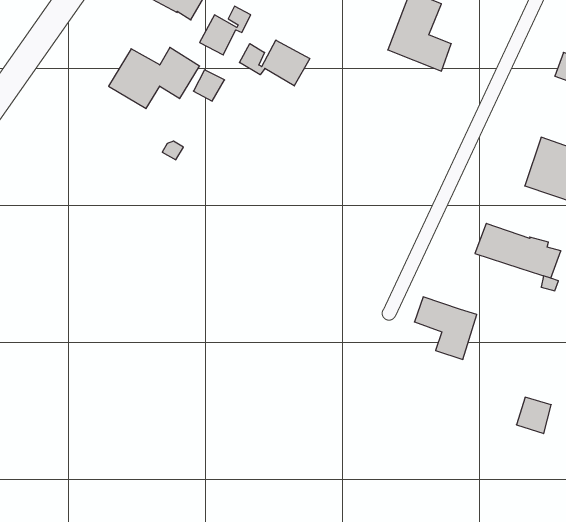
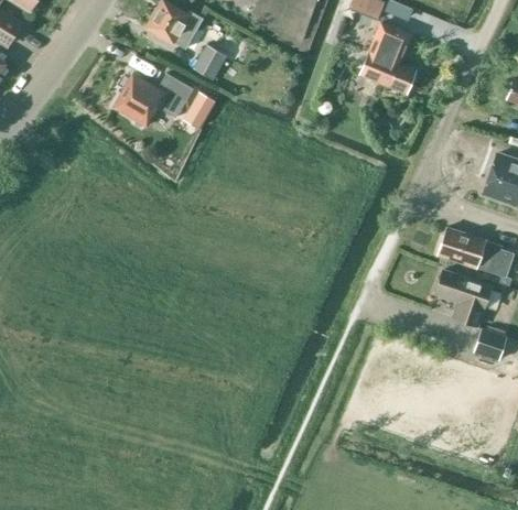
building: [239,40,310,86] -> none
building: [414,297,477,359] -> [434,271,489,326]
building: [516,397,551,434] -> [474,328,505,360]

